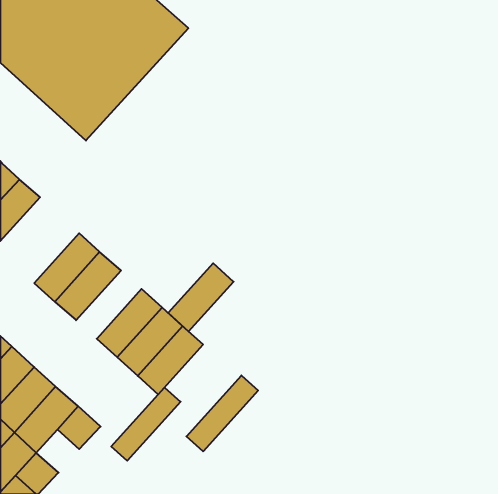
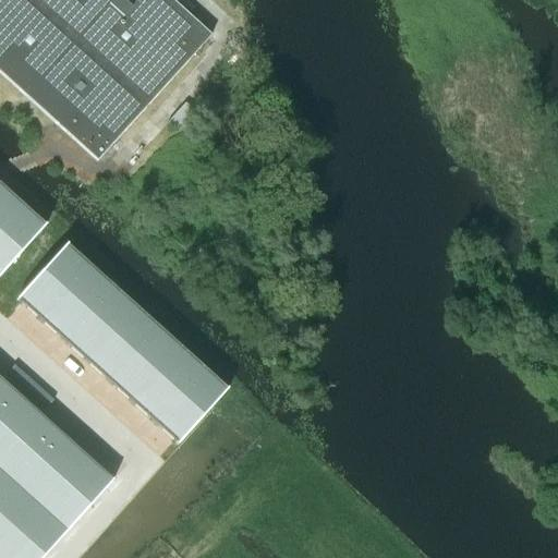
building: none -> [16,240,89,316]
building: [168,263,234,332] -> [86,302,159,378]
building: [186,375,258,451] -> none
building: [111,387,181,461] -> none
building: none -> [41,480,89,527]

